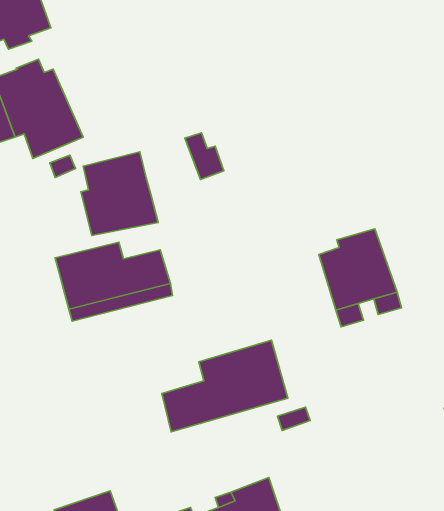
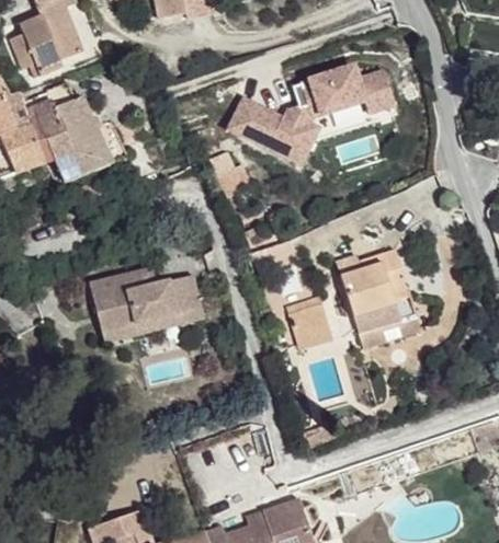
building: none -> [219,70,393,174]
building: [81,152,158,235] -> none
building: none -> [288,297,333,349]
building: [162,340,288,432] -> none

